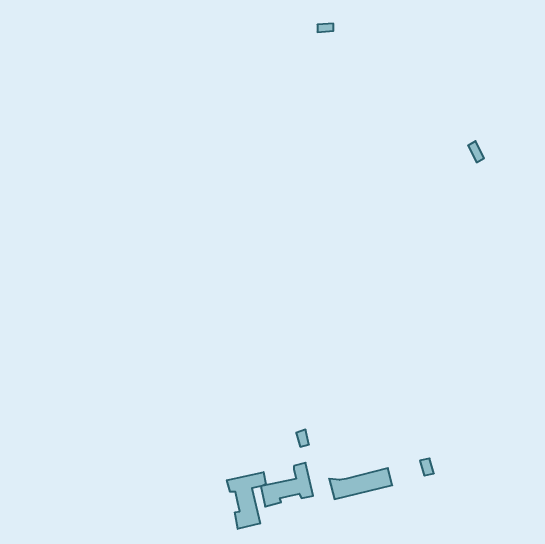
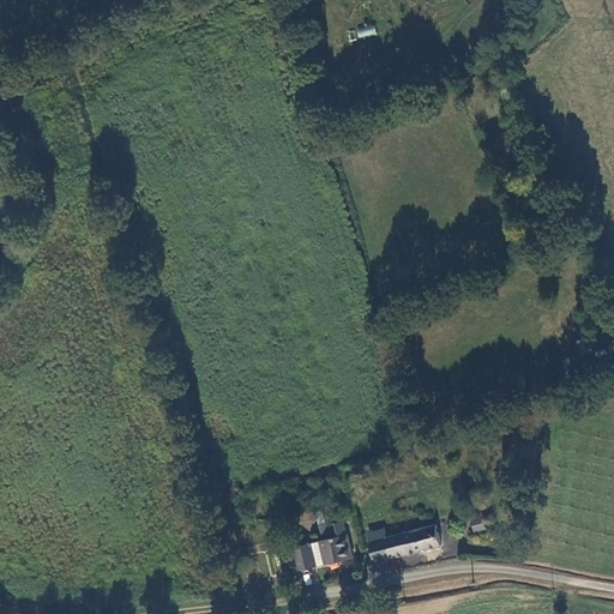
building: [227,472,266,529] -> none

